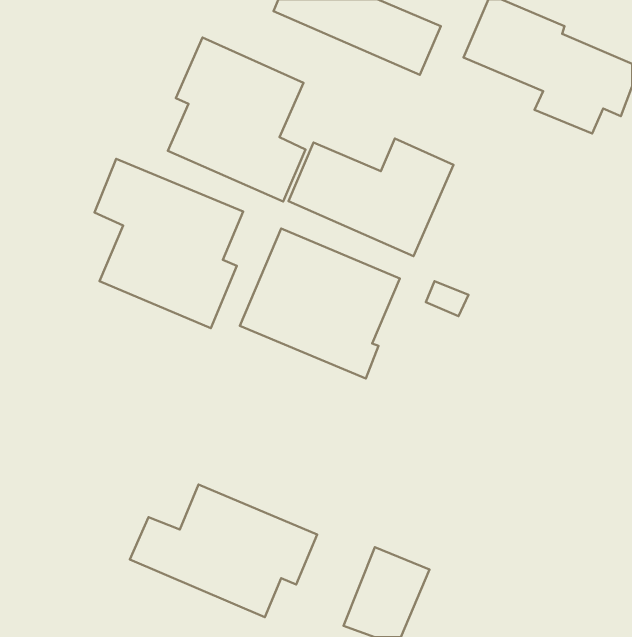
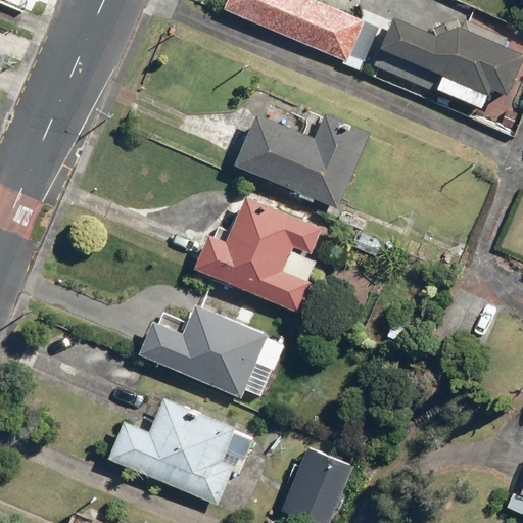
building: [168,38,305,202] -> none
building: [95,159,243,328] -> none
building: none -> [139,302,283,399]

